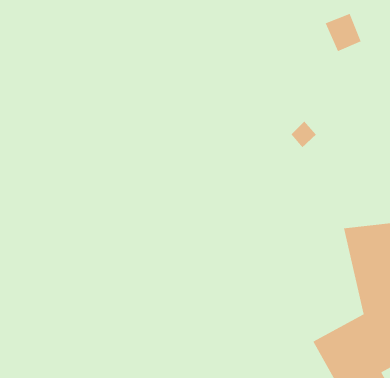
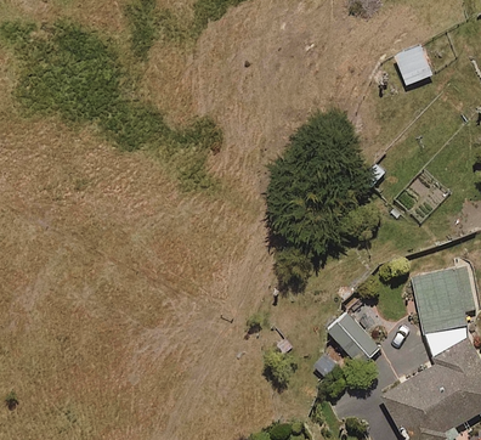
building: none -> [324,309,379,365]

